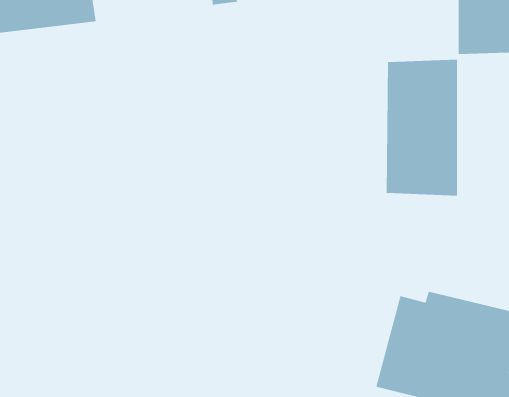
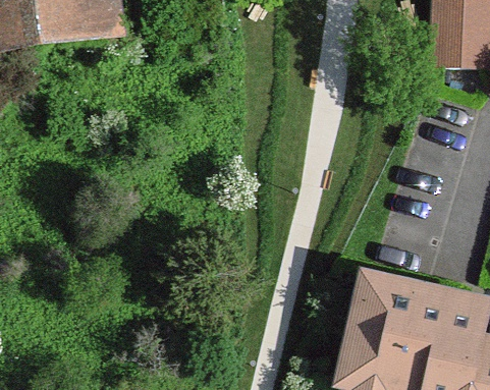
building: [386,59,457,196] -> none

